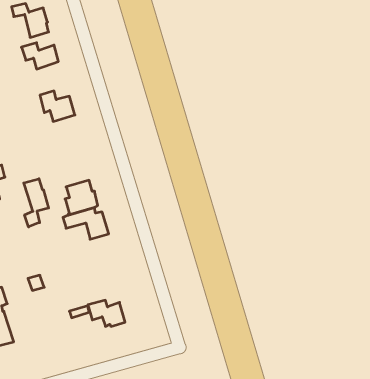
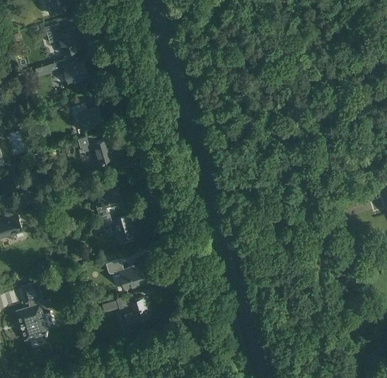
building: none -> [79,137,114,165]
building: [24,179,49,227] -> none
building: none -> [104,260,145,292]

